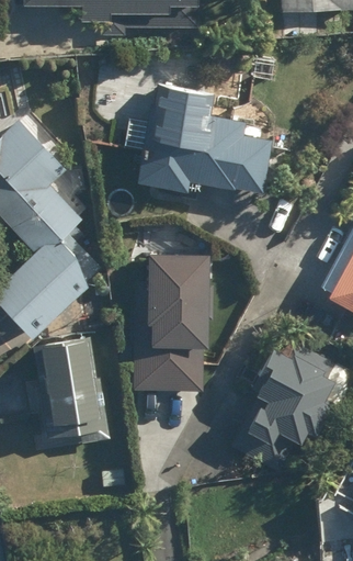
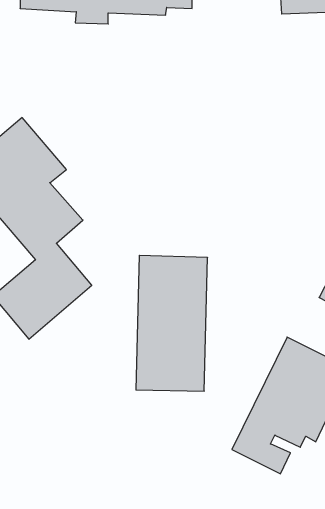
building: [144,88,271,198] -> none
building: [39,340,96,430] -> none

